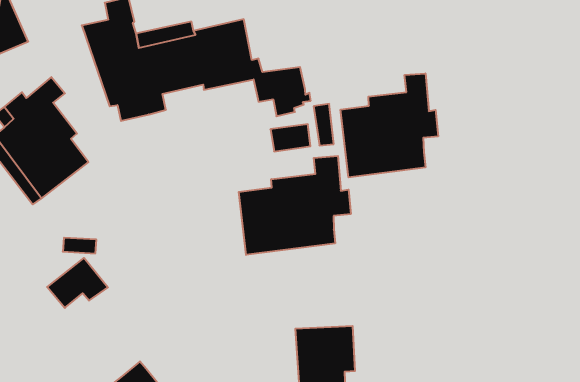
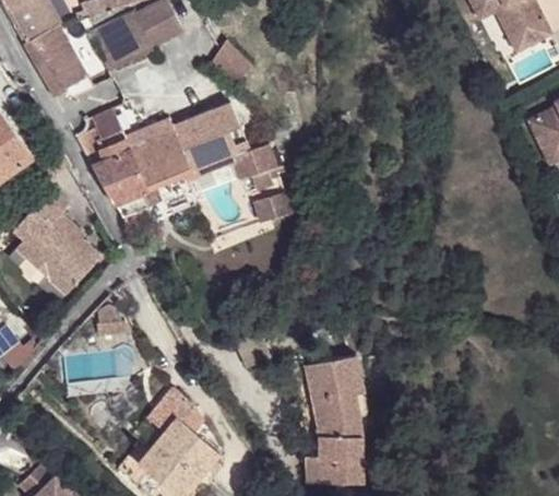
building: [341,73,438,177] -> none
building: [239,156,351,255] -> none
building: [47,258,108,308] -> [144,388,197,434]

